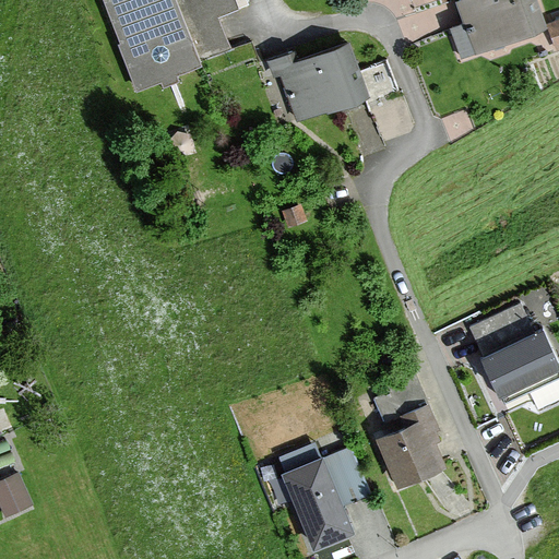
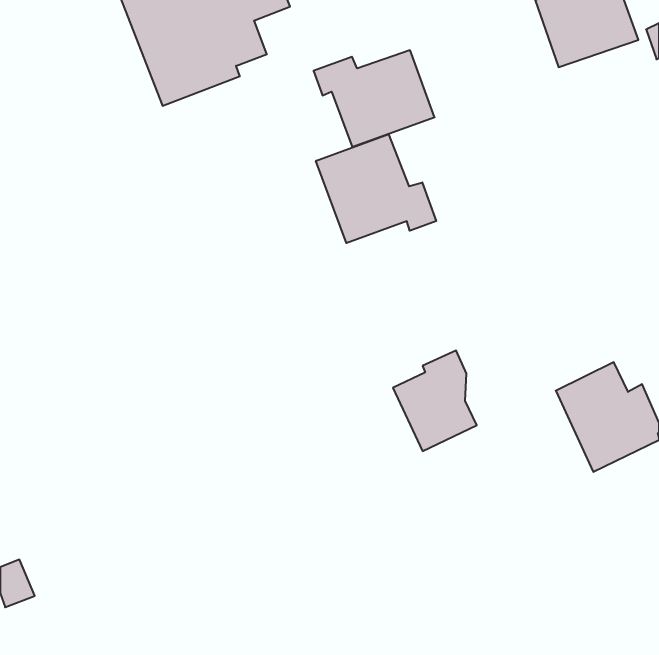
building: none -> [316,134,436,243]
building: [372,405,443,490] -> [393,350,477,451]
building: [278,449,368,550] -> none

